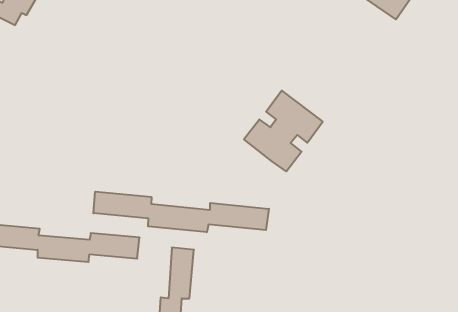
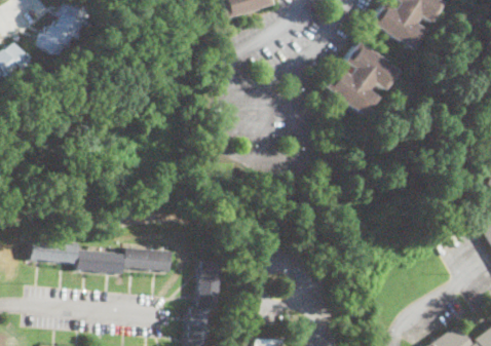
building: [244,91,323,171] -> [324,42,396,117]
building: [93,192,269,232] -> none

